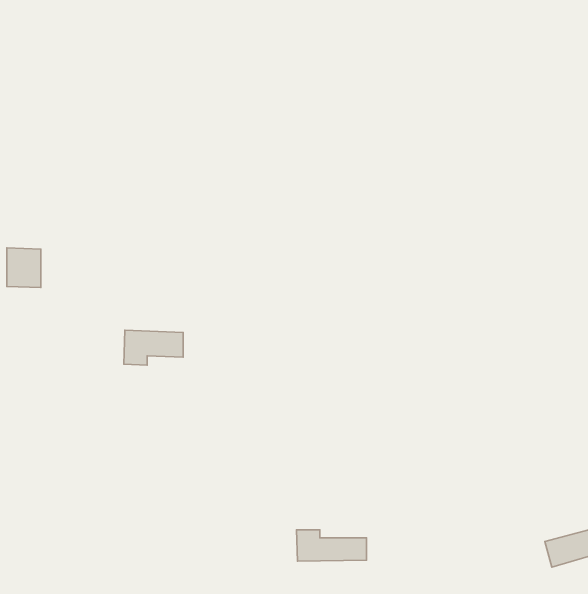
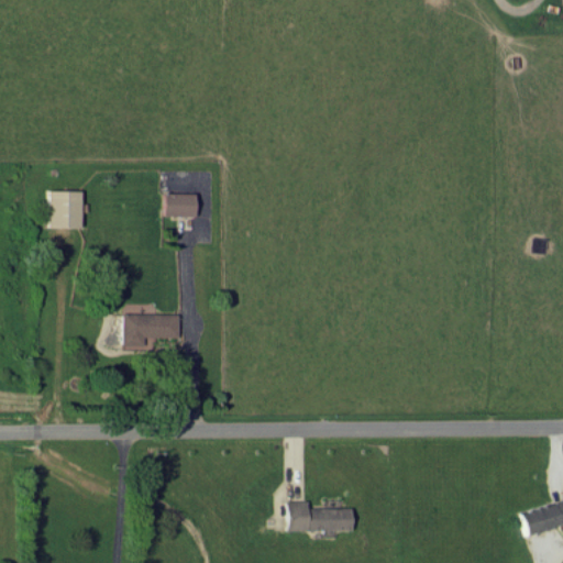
building: none -> [165,194,198,217]
building: [7,248,41,288] -> [52,191,84,229]

